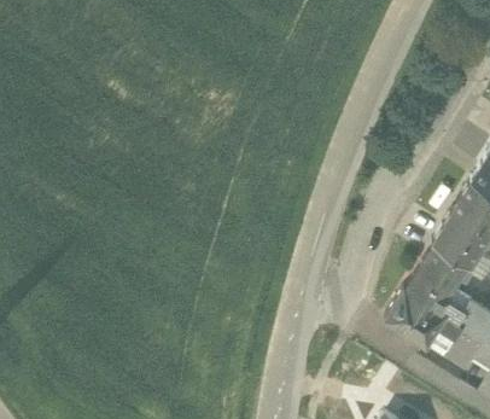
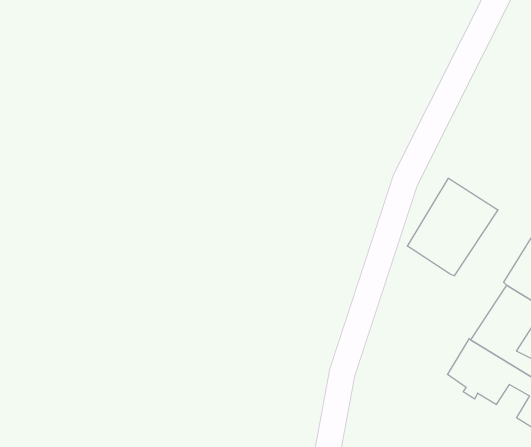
building: none -> [407,178,498,276]

